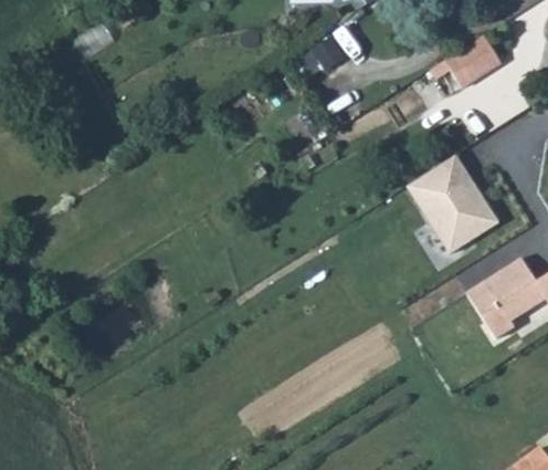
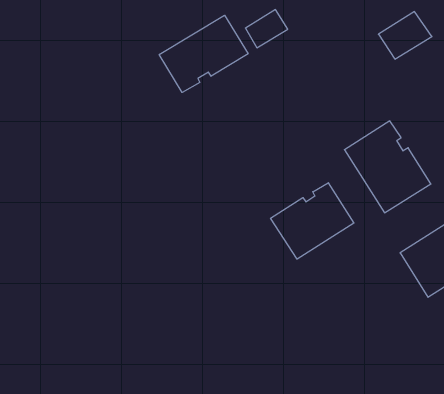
building: none -> [159,15,248,92]
building: none -> [271,183,354,259]

